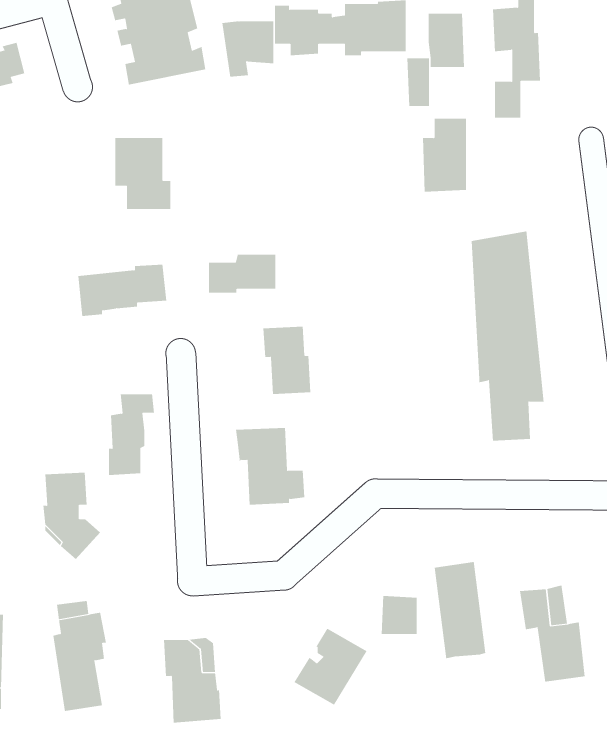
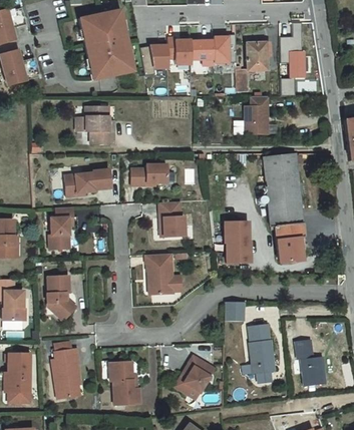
building: none -> [225,222,249,264]
building: [108,394,155,475] -> [50,208,74,251]
building: [381,595,418,634] -> [225,303,244,323]

